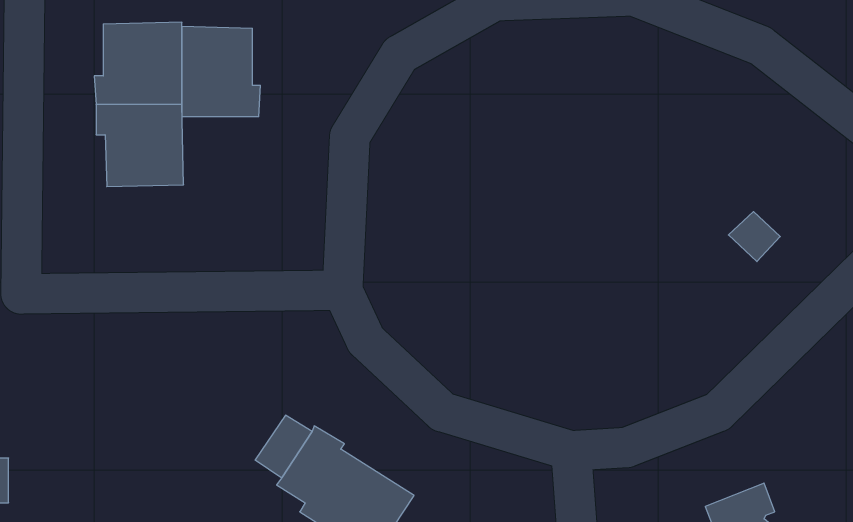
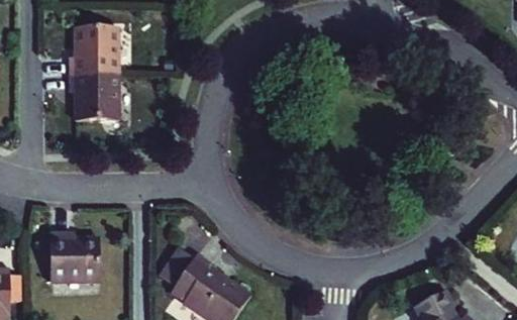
building: [182,26,260,117] -> none
building: none -> [48,231,98,281]

